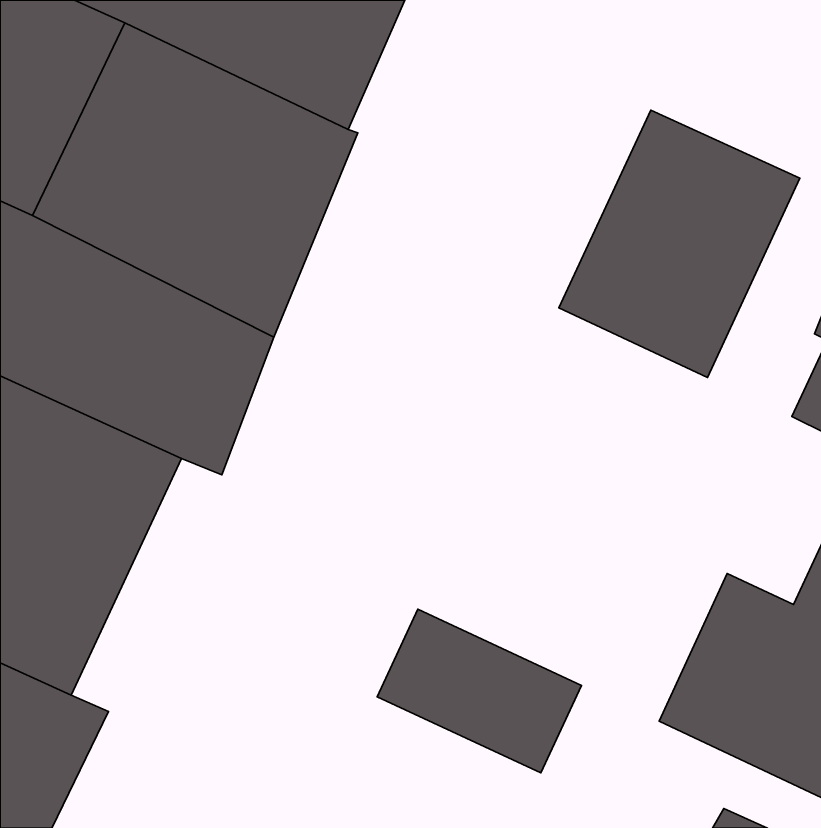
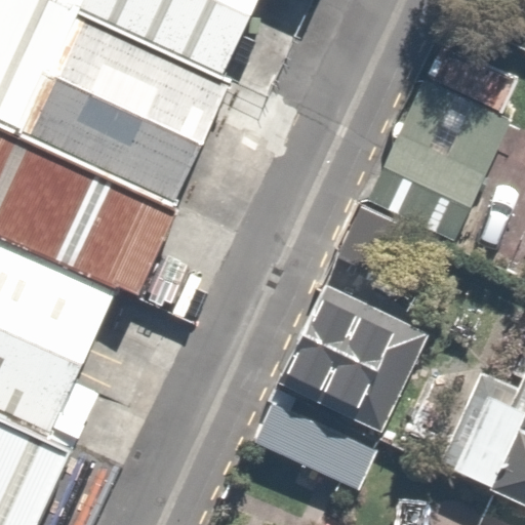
building: none -> [269,281,428,437]

